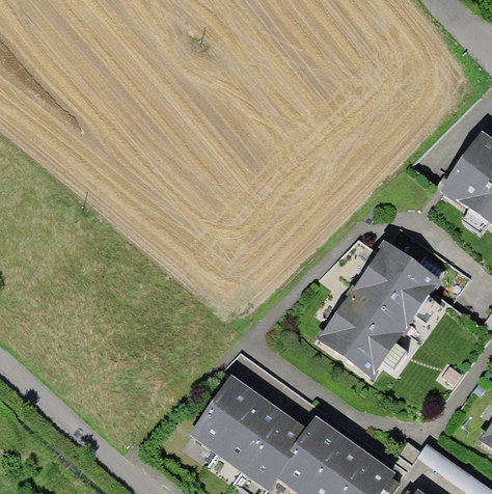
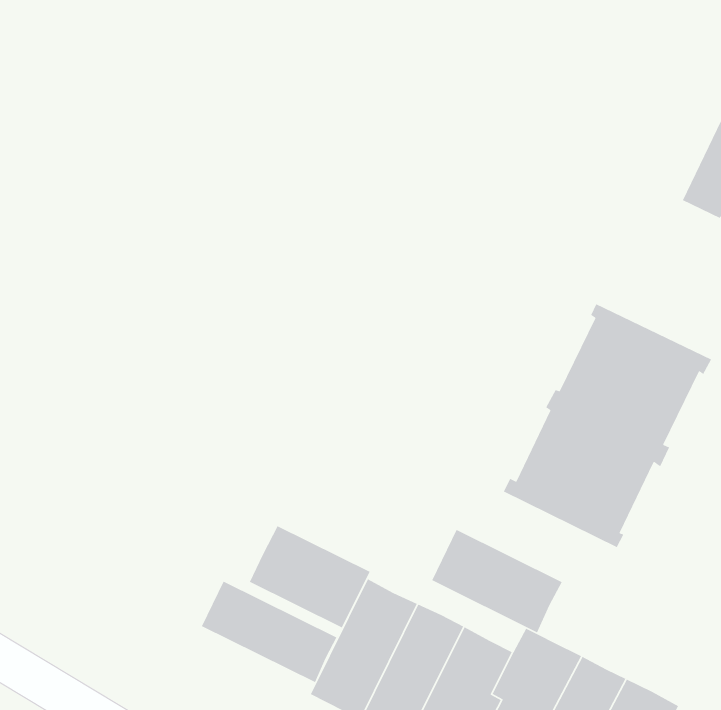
building: none -> [249,525,371,628]
building: none -> [431,529,563,633]
building: none -> [201,580,338,683]

